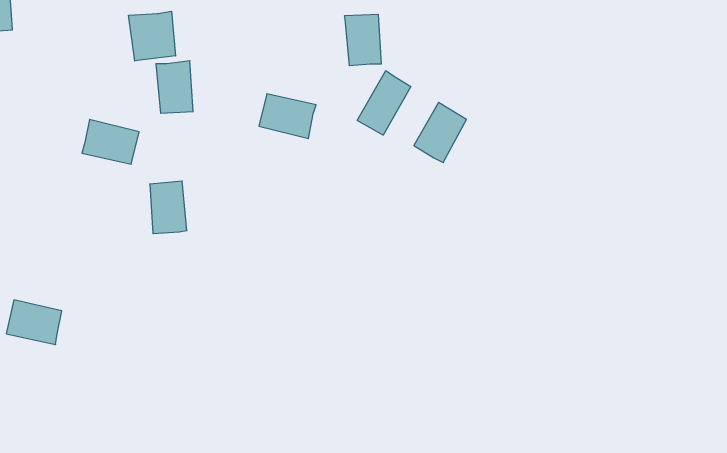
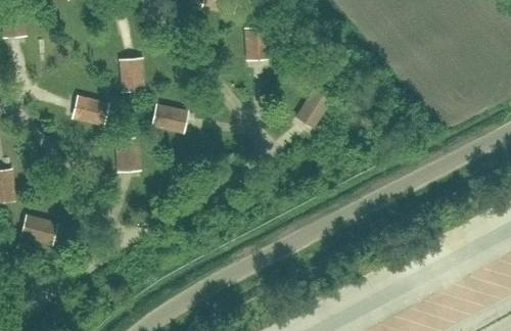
building: [129,11,176,61] -> none
building: [357,71,411,135] -> none
building: [259,94,316,139] -> [151,103,189,133]

